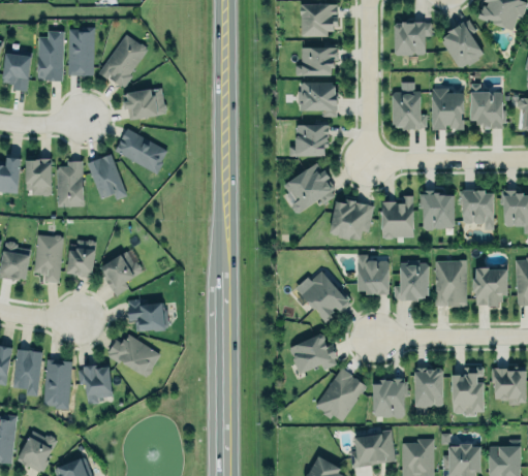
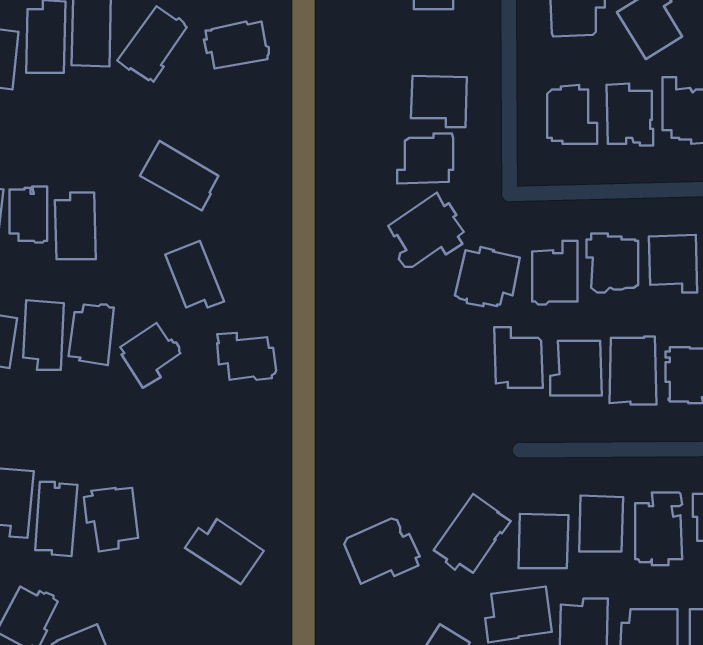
building: [296,47,338,75] -> none
building: [121,88,165,120] -> [204,21,269,68]
building: [86,154,126,199] -> [165,241,224,307]
building: [301,271,349,324] -> none
building: [127,299,167,331] -> [217,333,276,380]
building: [287,332,339,377] -> [344,519,420,584]
building: [106,335,160,379] -> [185,519,264,584]

